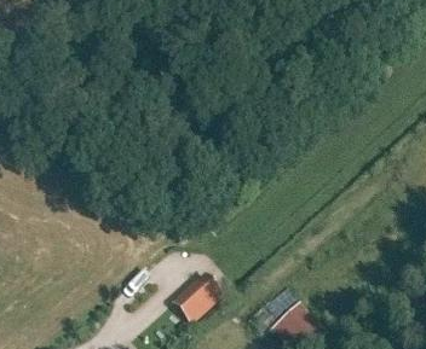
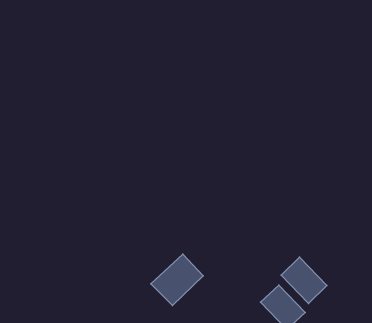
building: none -> [281,257,327,303]

